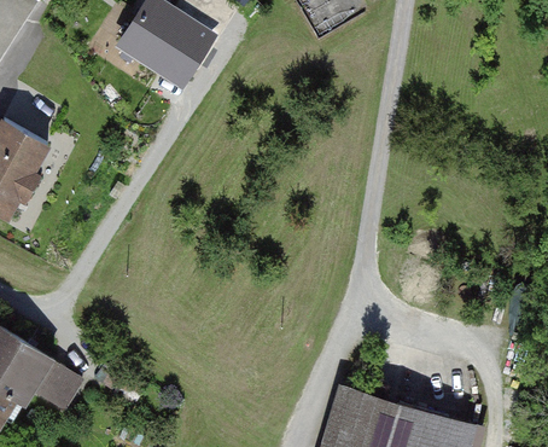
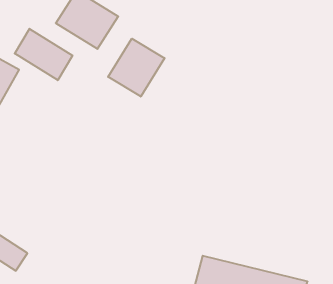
building: none -> [15,29,72,80]
building: none -> [108,39,165,97]

